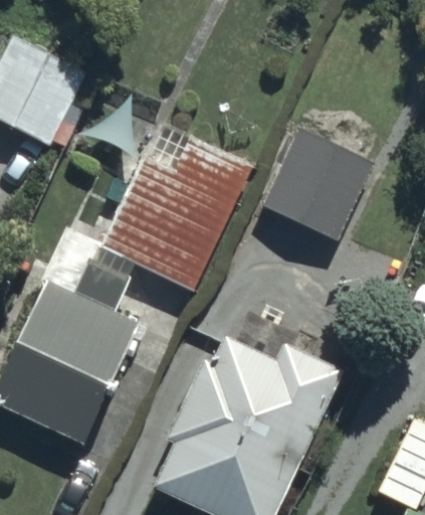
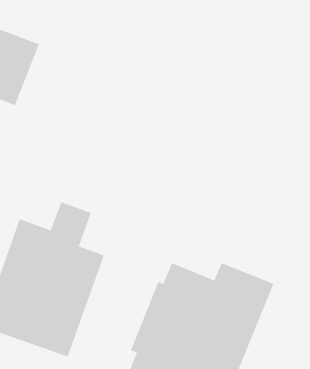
building: [260,128,375,240] -> none
building: [101,136,250,291] -> none

